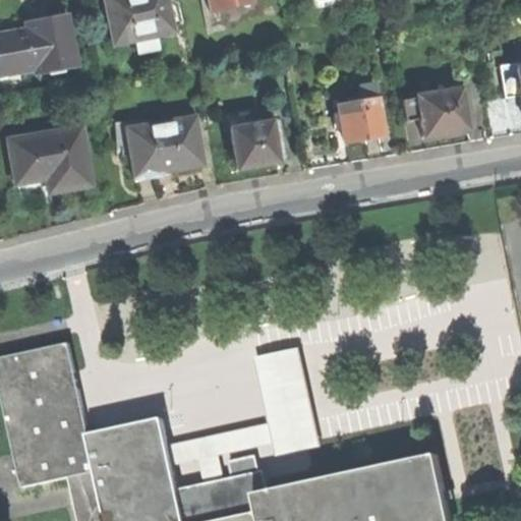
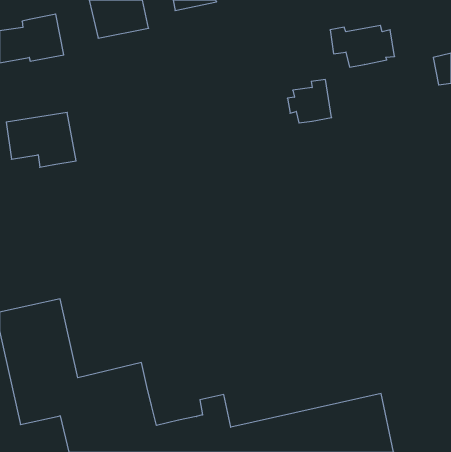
building: [399,89,473,136] -> [330,25,395,67]
building: [222,109,285,168] -> none
building: [111,116,200,178] -> none
building: [169,347,322,483] -> none

